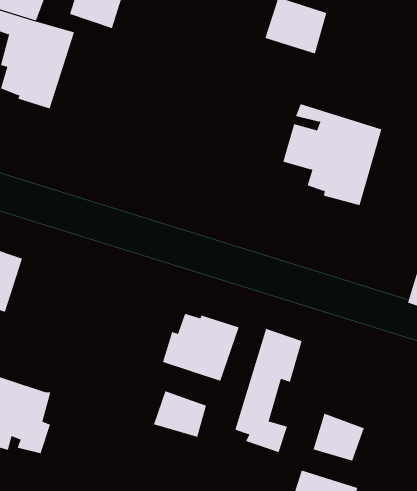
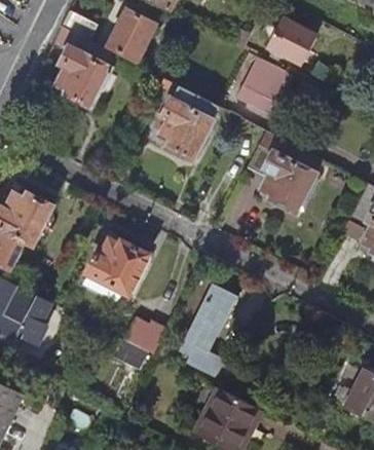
building: none -> [155,81,216,161]
building: [162,313,239,381] -> [86,241,145,294]
building: [313,413,365,461] -> none

